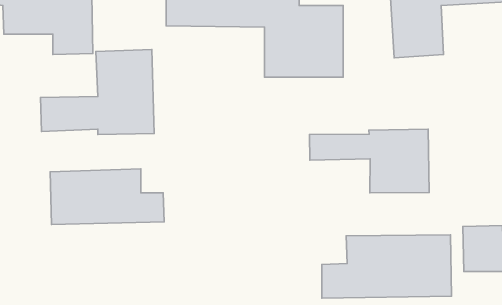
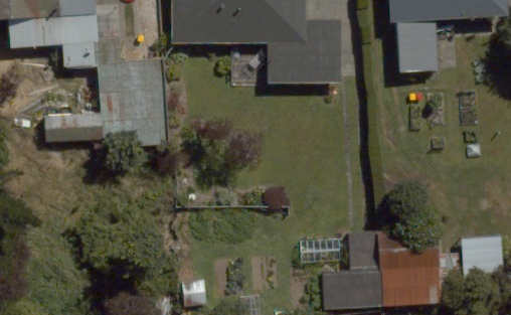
building: [310,129,429,193] -> none
building: [50,169,164,224] -> none

